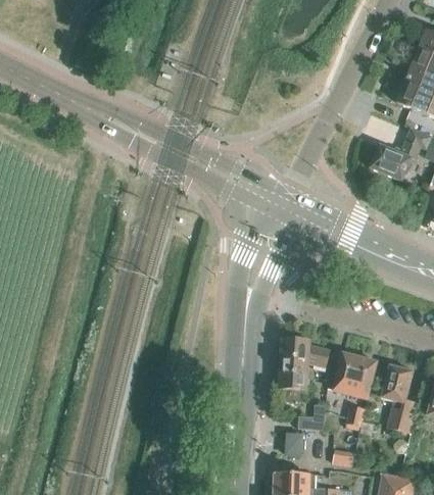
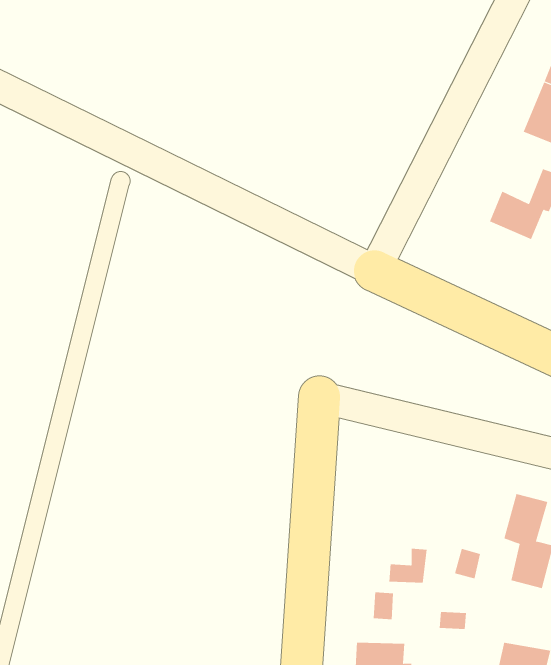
building: [279,339,330,398] -> none
building: [332,352,376,398] -> none

